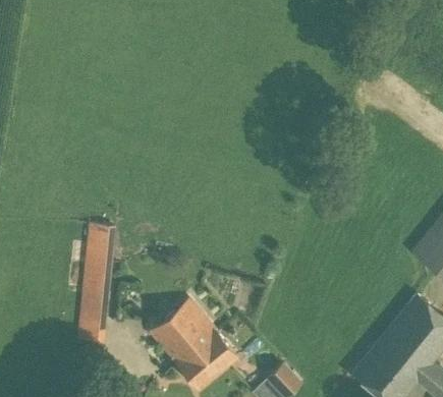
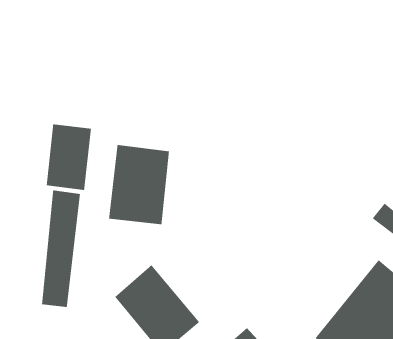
building: none -> [46,124,92,191]
building: none -> [108,144,170,225]

